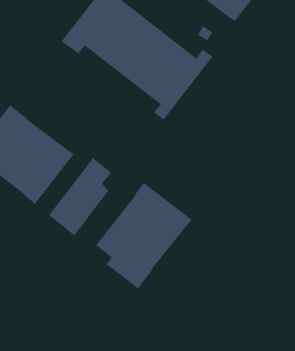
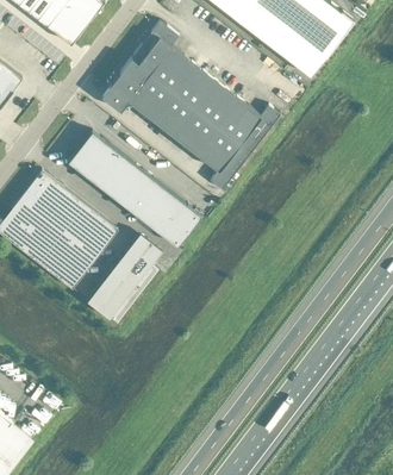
building: none -> [67,131,200,246]
building: [95,182,193,289] -> none

